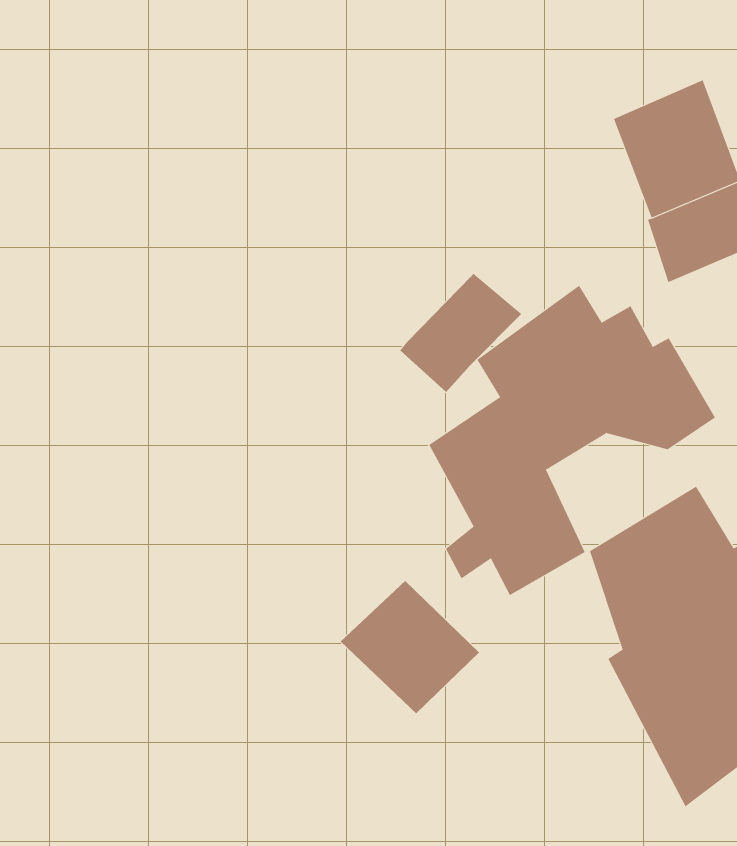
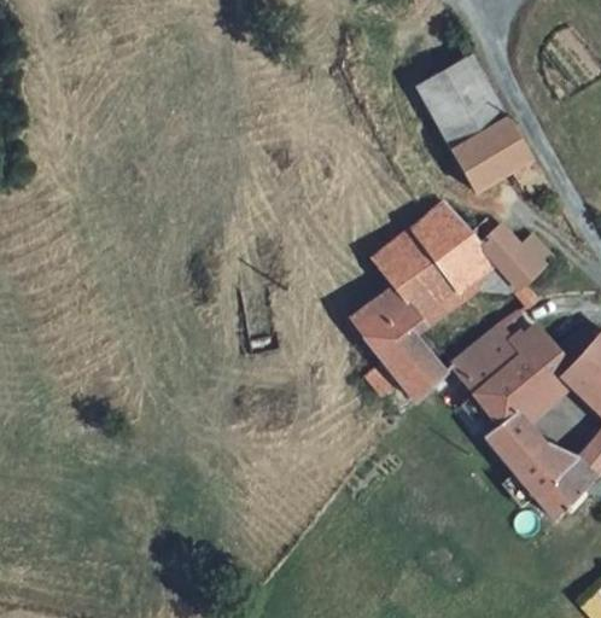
building: [399,273,522,393] -> none
building: [340,580,480,714] -> none

